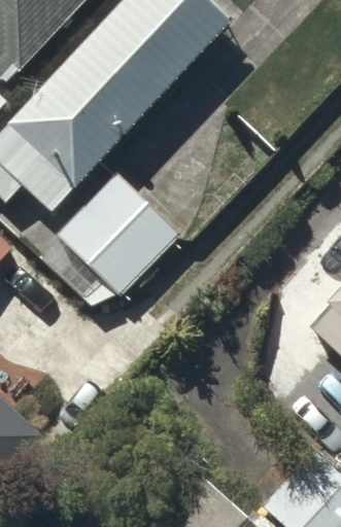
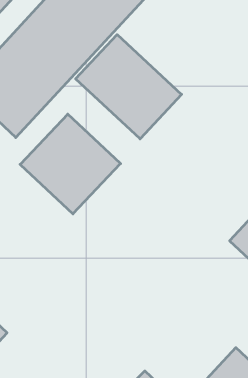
building: none -> [76,35,182,139]

